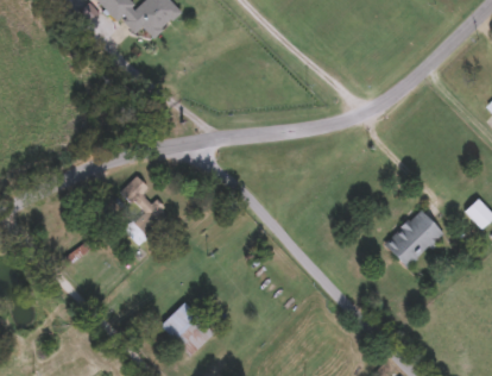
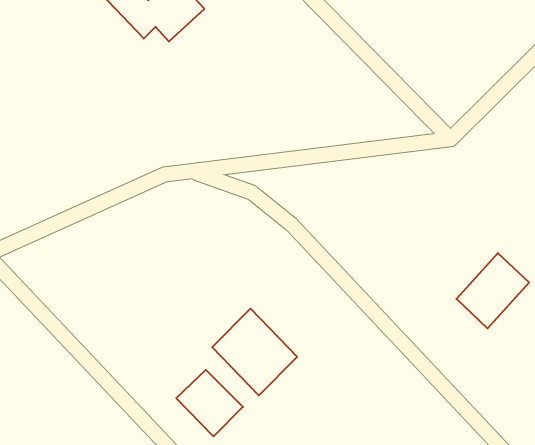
building: [115,175,170,245] -> none
building: none -> [212,309,297,395]

